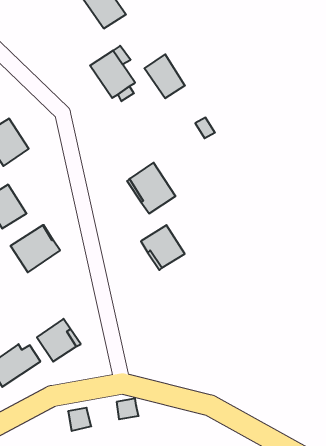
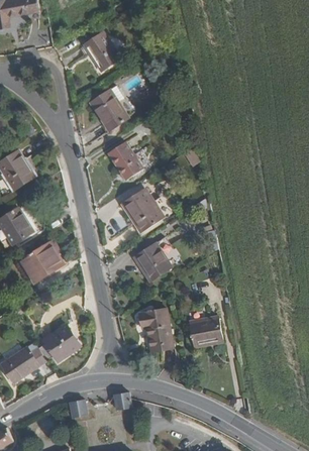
building: [144,54,185,98] -> [107,141,142,180]
building: none -> [138,308,173,352]
building: none -> [189,316,222,345]

